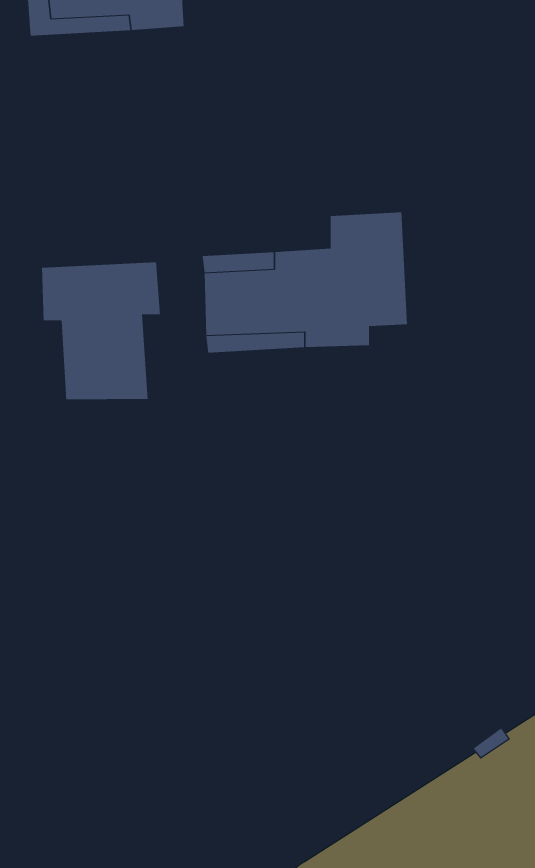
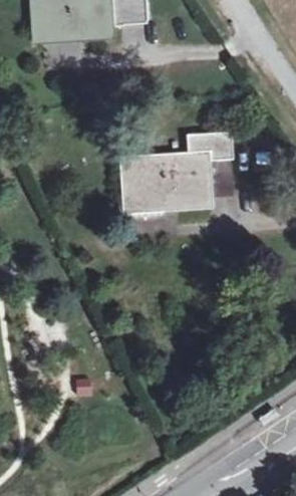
building: [41,261,160,400] -> none

